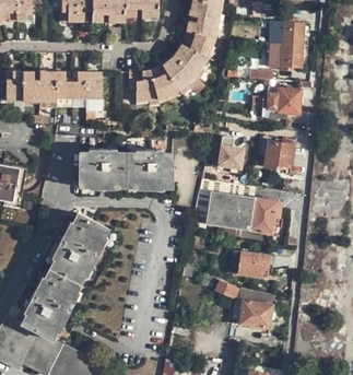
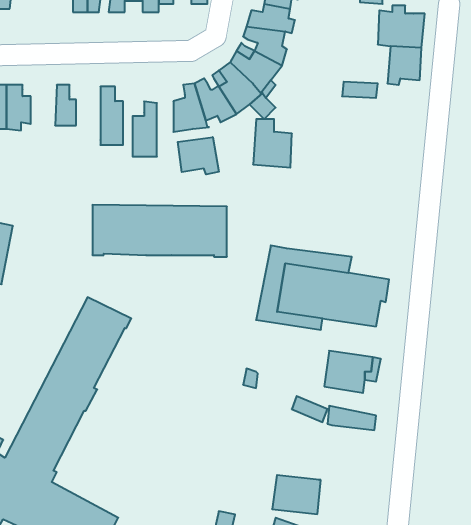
building: [38,71,56,102] -> none
building: [69,71,85,108] -> [133,101,157,157]
building: [261,87,299,119] -> none
building: none -> [178,137,219,174]
building: [217,138,244,171] -> [253,119,292,168]
building: [262,140,294,168] -> none
building: [238,301,271,327] -> [272,475,321,514]

